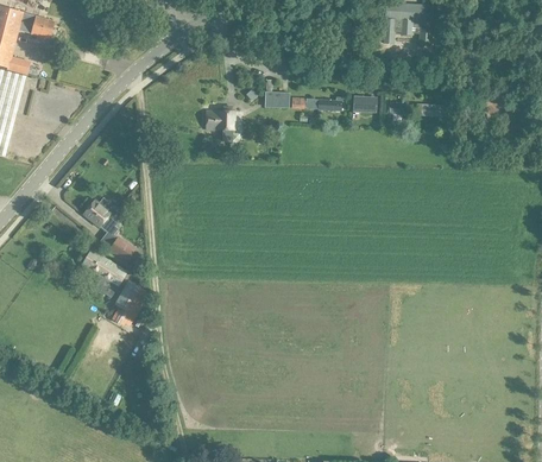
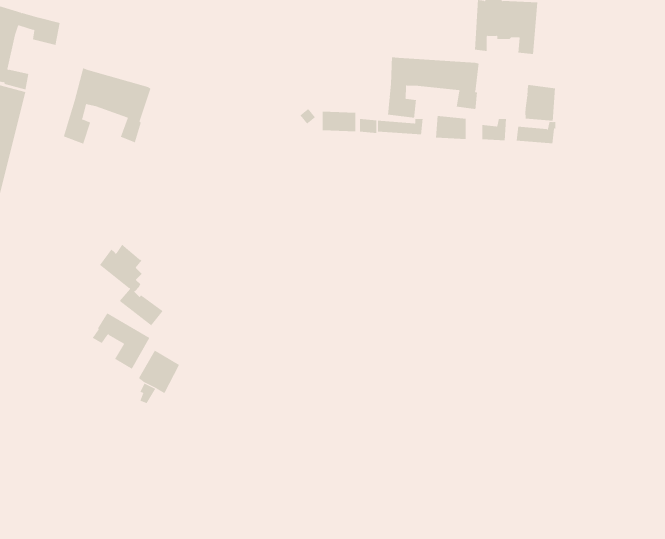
building: none -> [388,56,479,119]
building: none -> [63,68,151,144]
building: none -> [525,84,556,122]
building: [206,107,233,141] -> none

